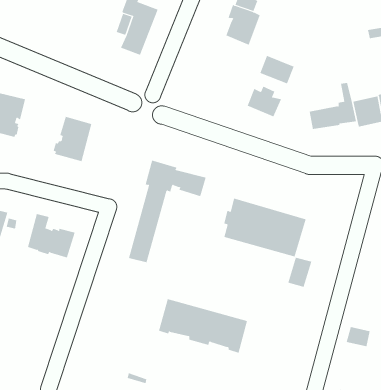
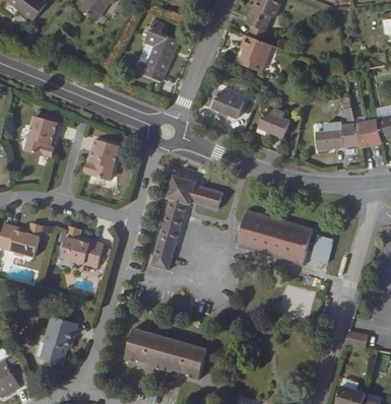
building: [260,55,294,84] -> [211,92,243,119]
building: [287,257,312,287] -> [311,237,333,264]
building: [158,298,248,353] -> [124,329,205,379]
building: none -> [41,317,76,362]

